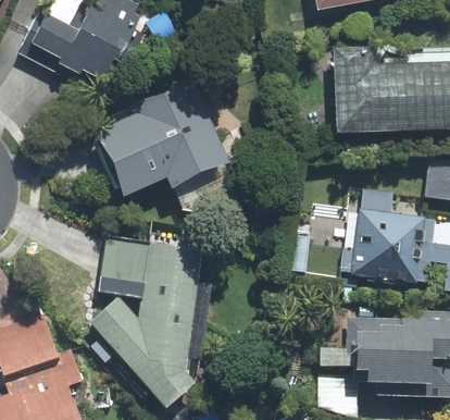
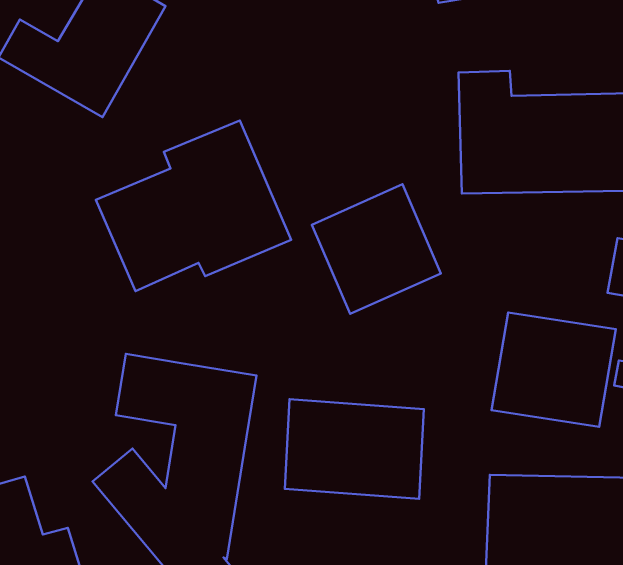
building: none -> [312,184,441,314]
building: none -> [285,399,424,499]

